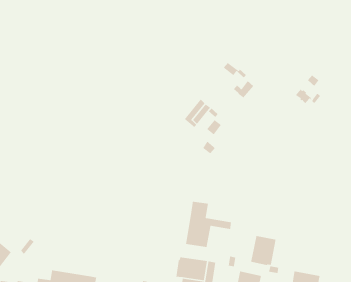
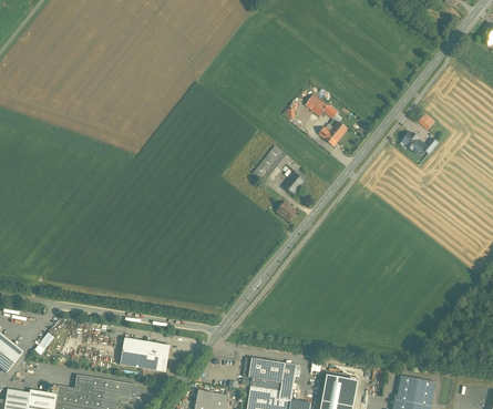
building: [185,201,232,248] -> none
building: [250,235,277,266] -> none
building: none -> [119,338,170,371]

